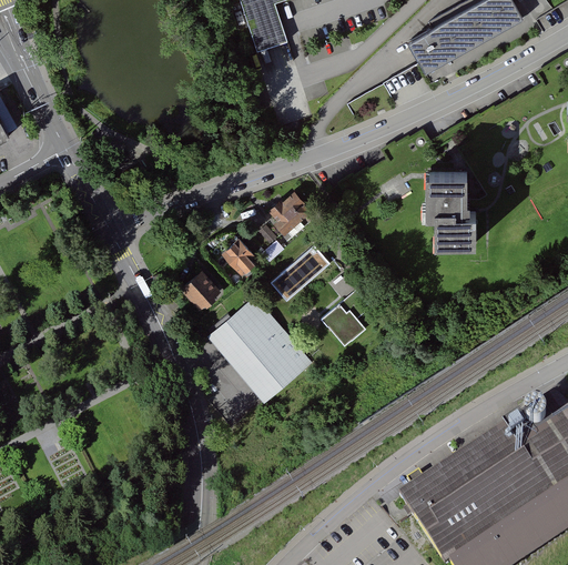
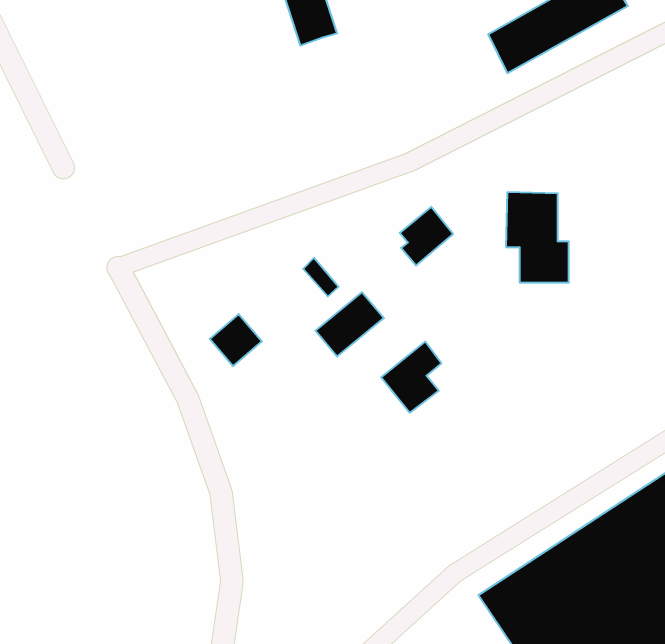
building: [273,190,316,238] -> [400,207,453,266]
building: [224,236,262,275] -> none
building: [215,297,310,396] -> none

